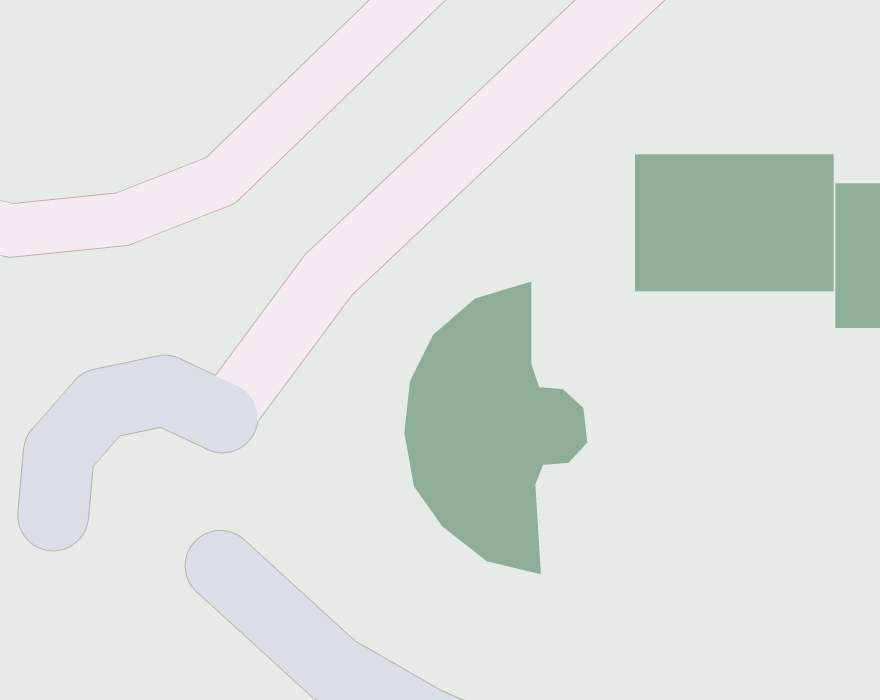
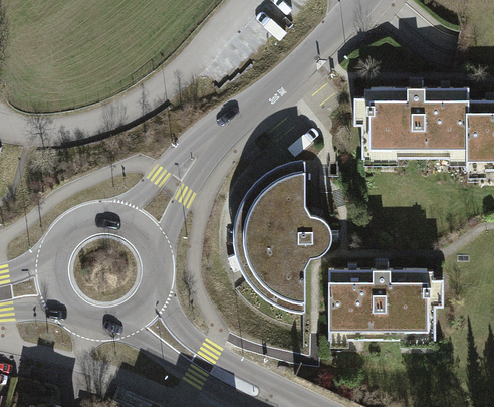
building: none -> [330,281,445,350]

